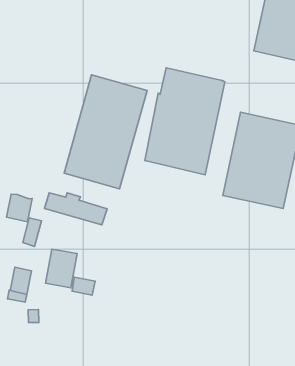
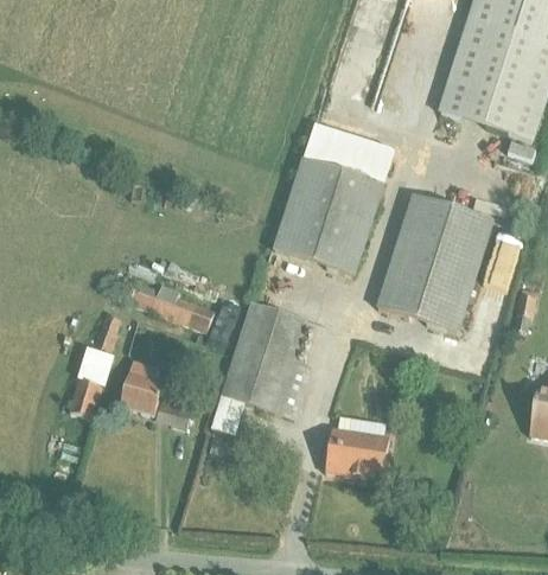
building: [64,75,147,189] -> none
building: [6,194,32,222] -> [76,344,114,384]
building: none -> [210,300,311,433]
building: none -> [325,414,389,478]

